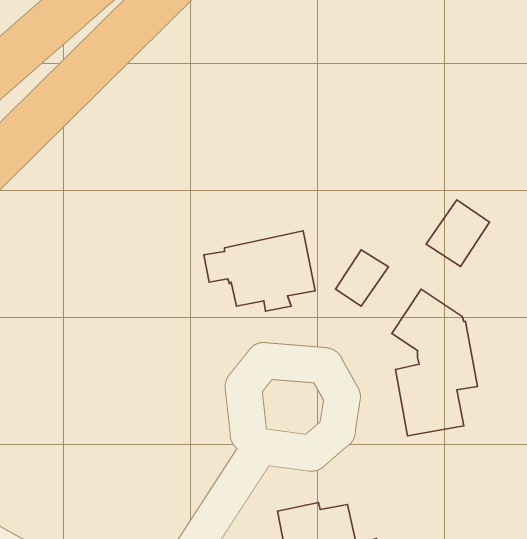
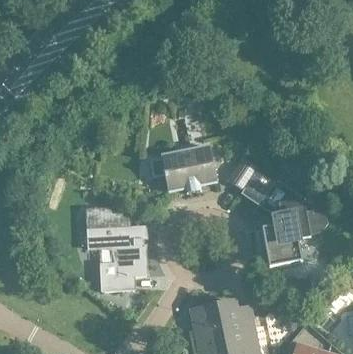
building: [426,200,489,266] -> [241,167,278,206]
building: none -> [87,207,147,291]

